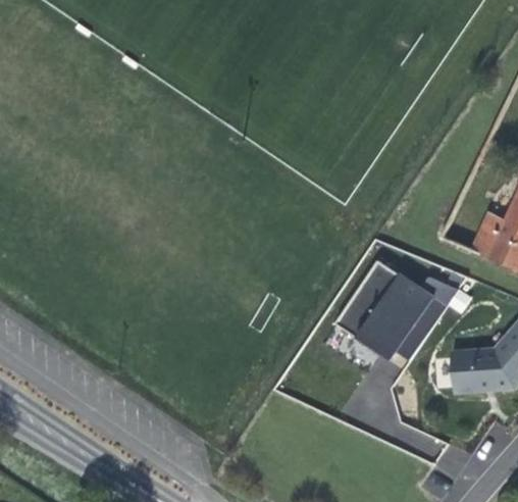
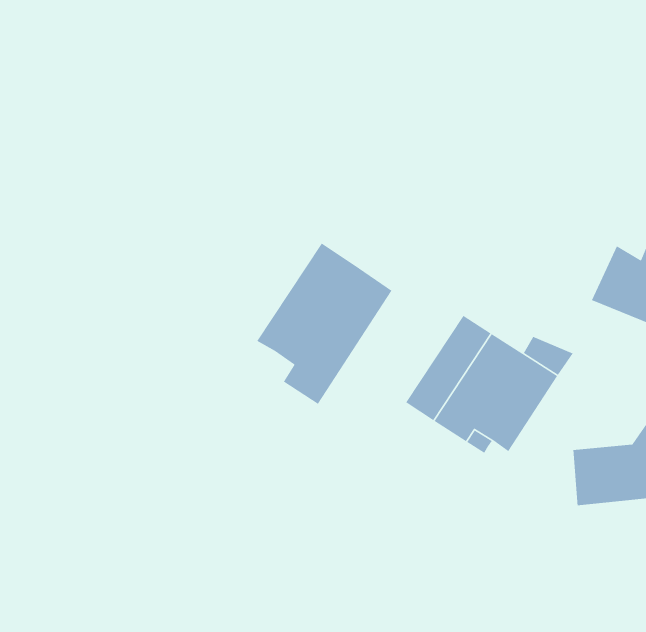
building: none -> [256,243,393,405]

